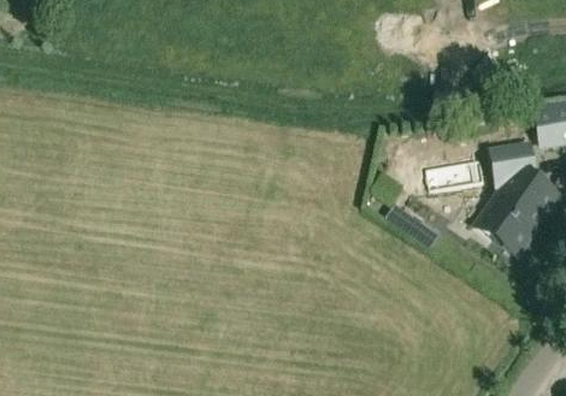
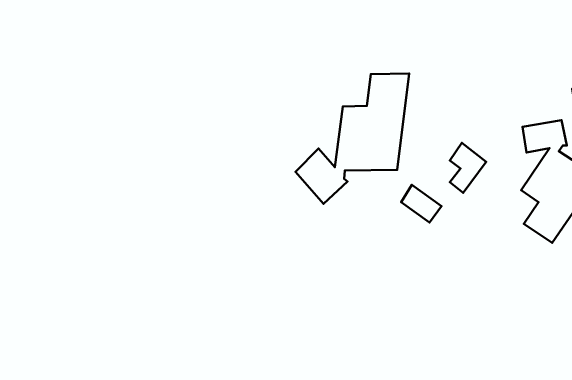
building: none -> [296,73,409,204]

